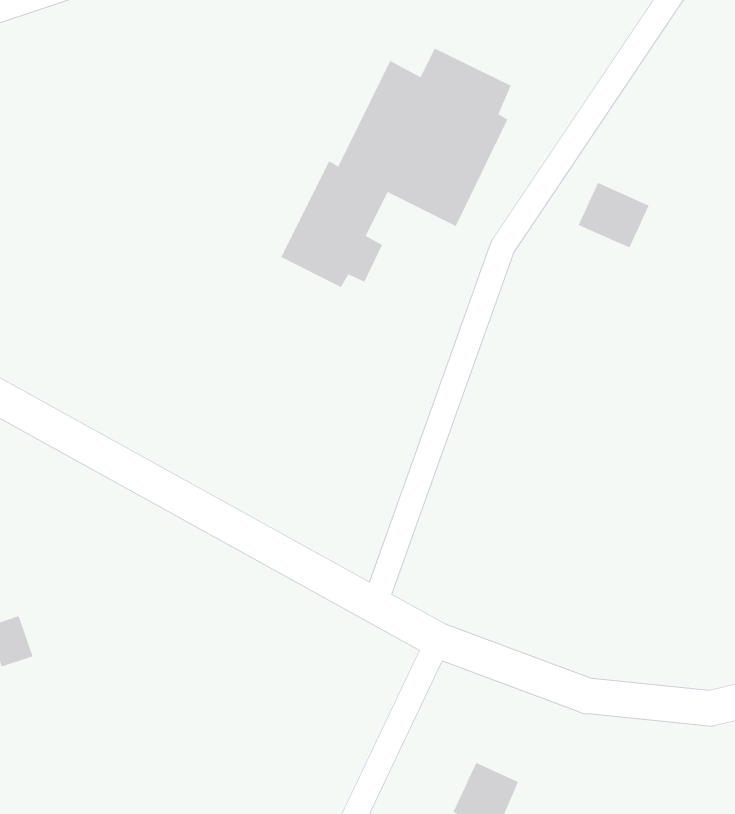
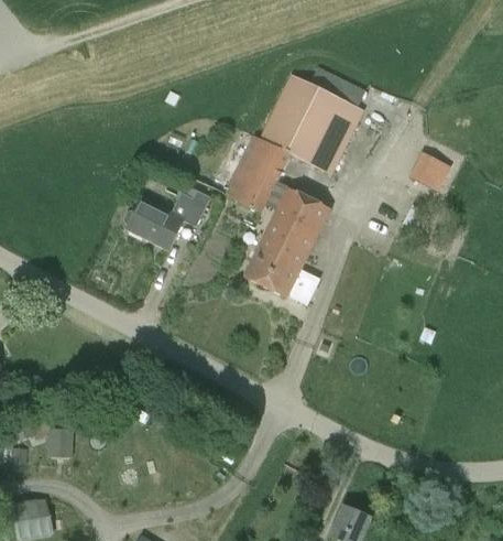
building: none -> [243,187,330,297]
building: none -> [123,190,210,251]

